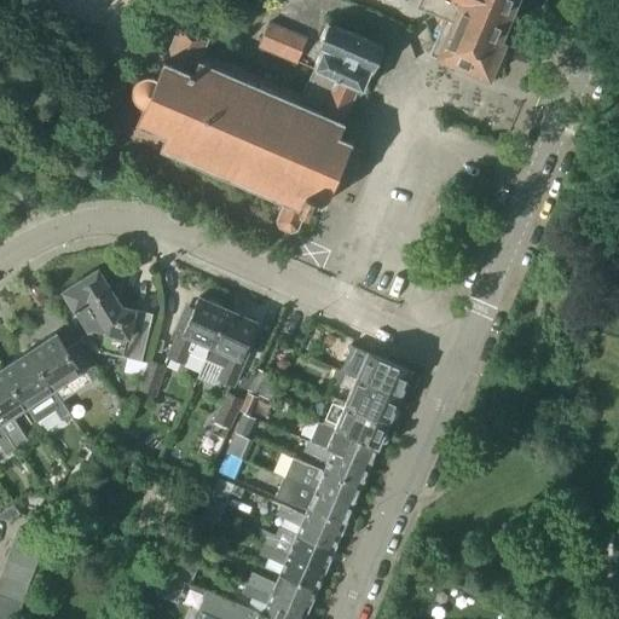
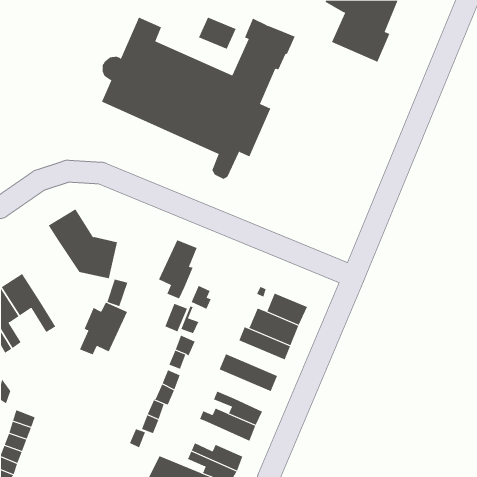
building: [167,297,230,366] -> [79,302,128,355]
building: [30,336,82,392] -> none
building: [355,353,410,398] -> none
building: [305,441,370,487] -> none
building: [276,479,352,533] -> none
building: [260,545,324,591] -> none

